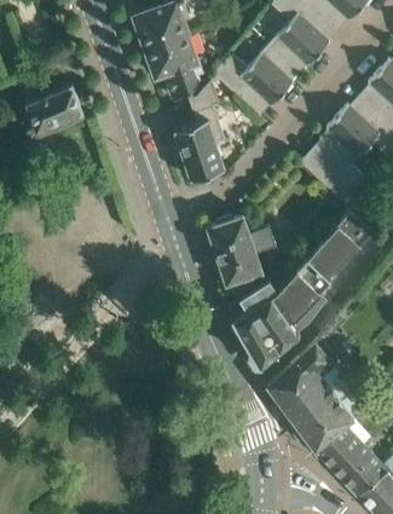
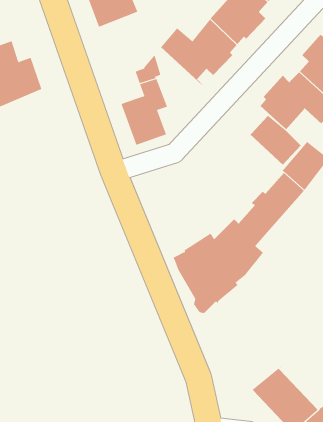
building: [145,37,200,100] -> none
building: [206,214,264,298] -> none
building: [266,317,364,451] -> none

